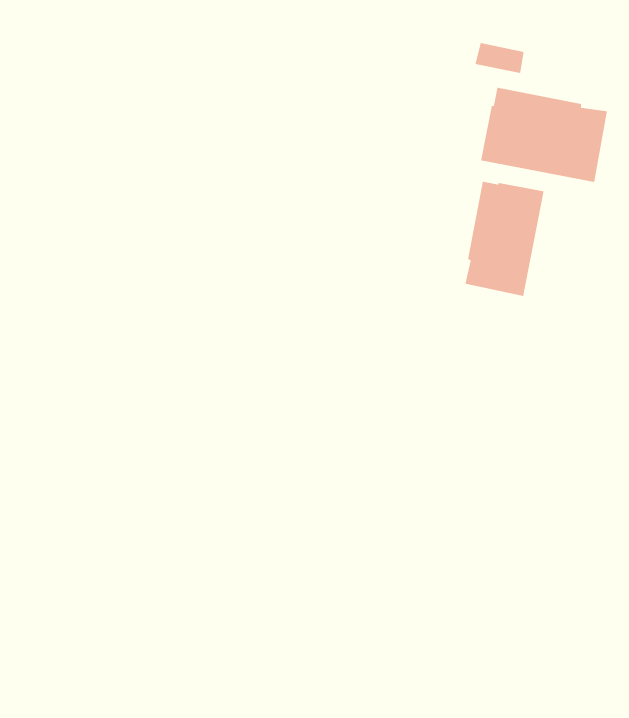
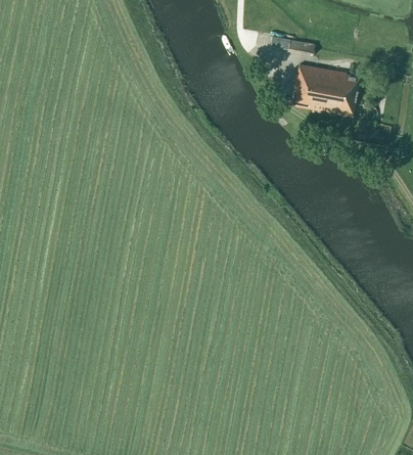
building: [464,181,544,297] -> none

